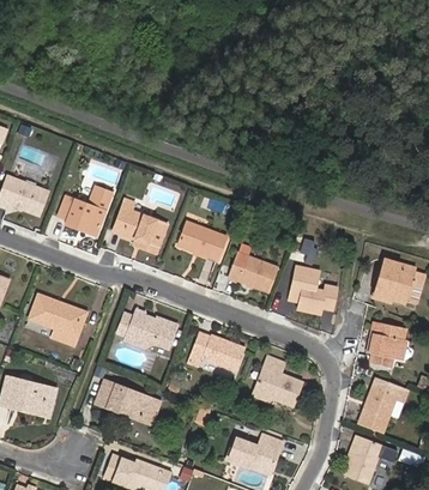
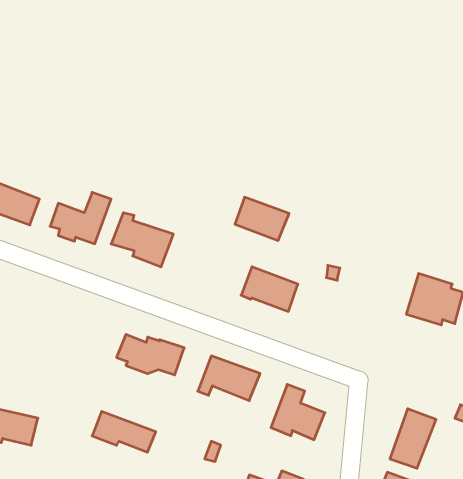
building: [179,222,226,260] -> [235,197,289,240]
building: [291,266,337,314] -> none
building: [30,295,81,345] -> none
building: [369,321,406,367] -> none

